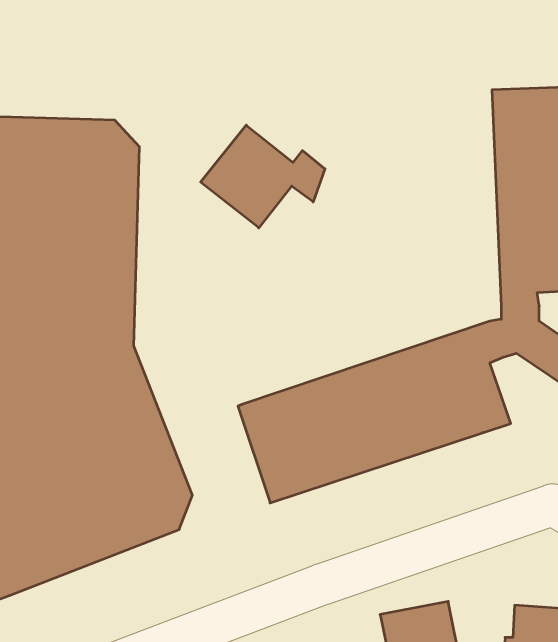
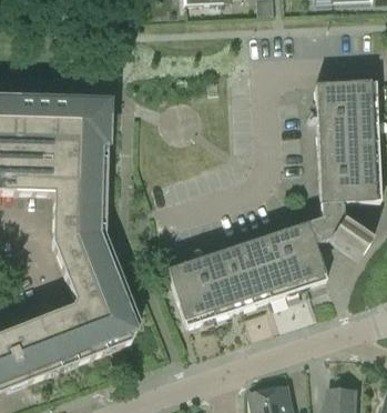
building: [201,125,325,228] -> none

